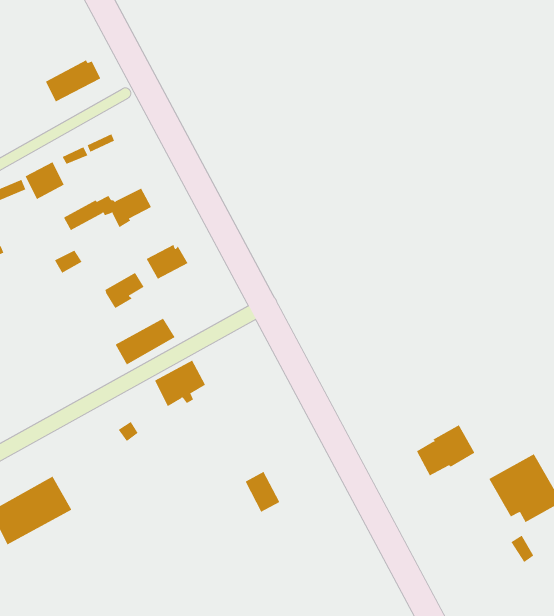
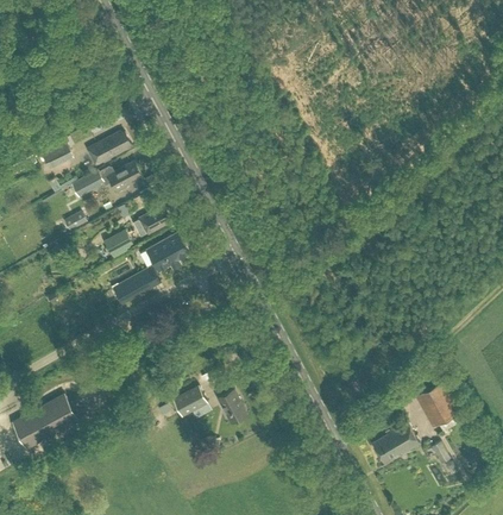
building: [45,59,101,102] -> [86,132,131,167]
building: [154,360,206,407] -> [146,233,188,271]
building: [416,425,475,476] -> [371,421,419,463]
building: none -> [174,387,206,416]

